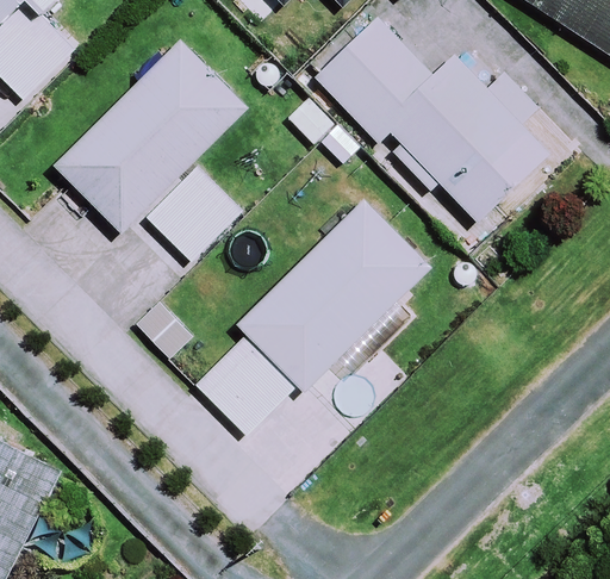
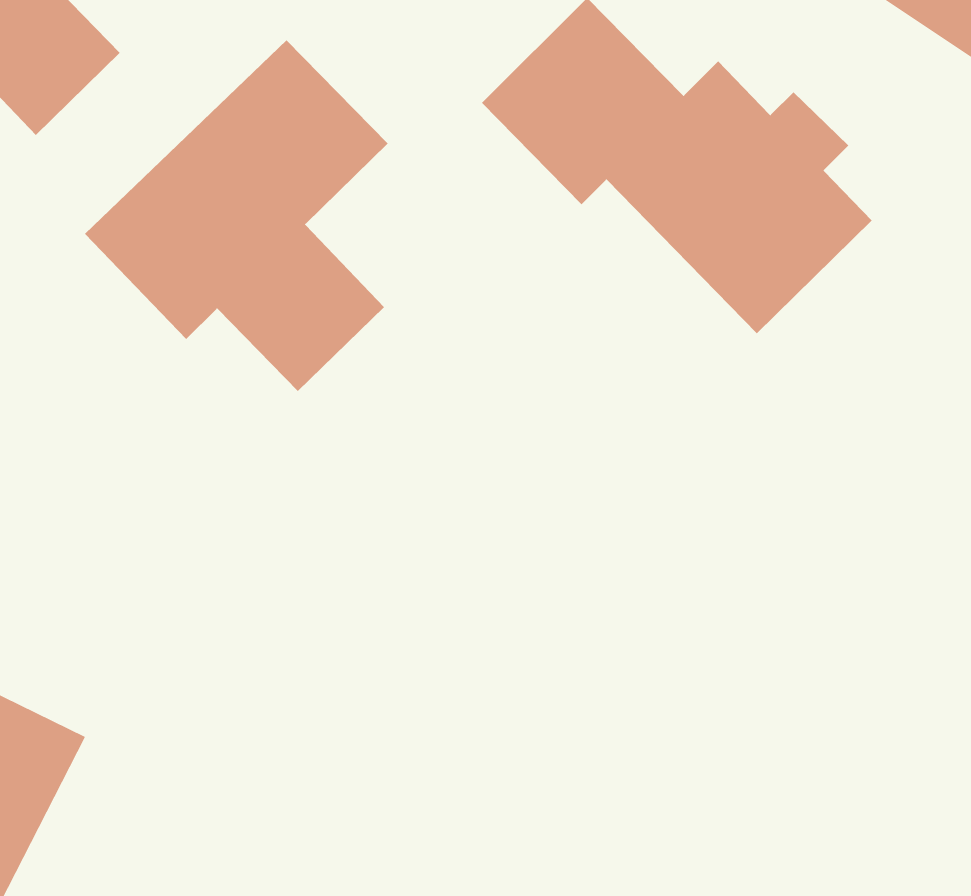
building: [197,197,429,438] -> none

